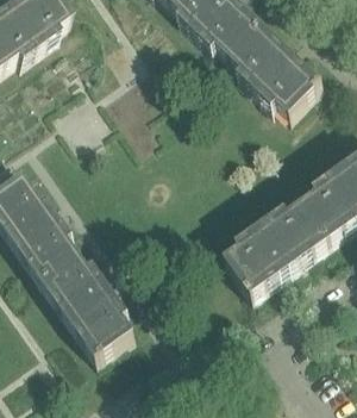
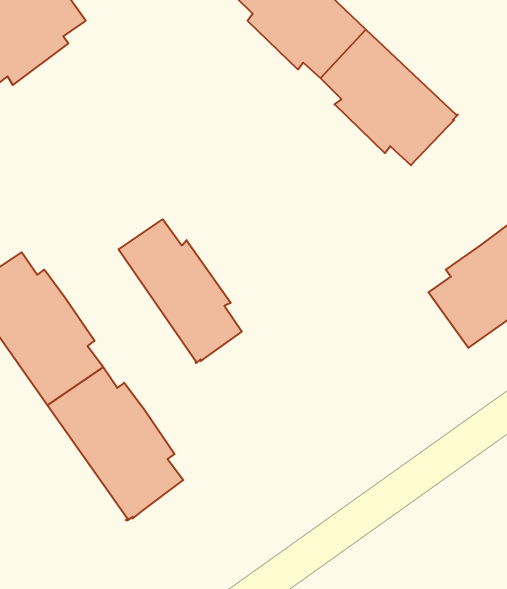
building: none -> [119,219,242,363]
building: [224,204,328,298] -> none

